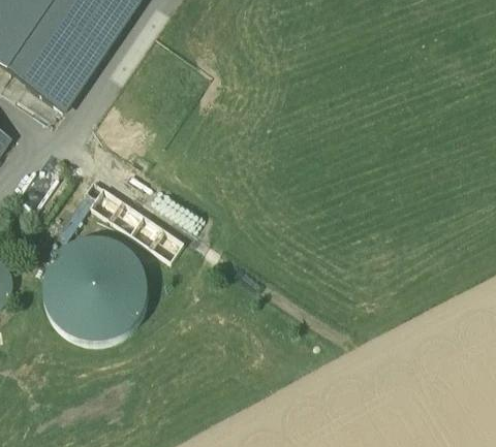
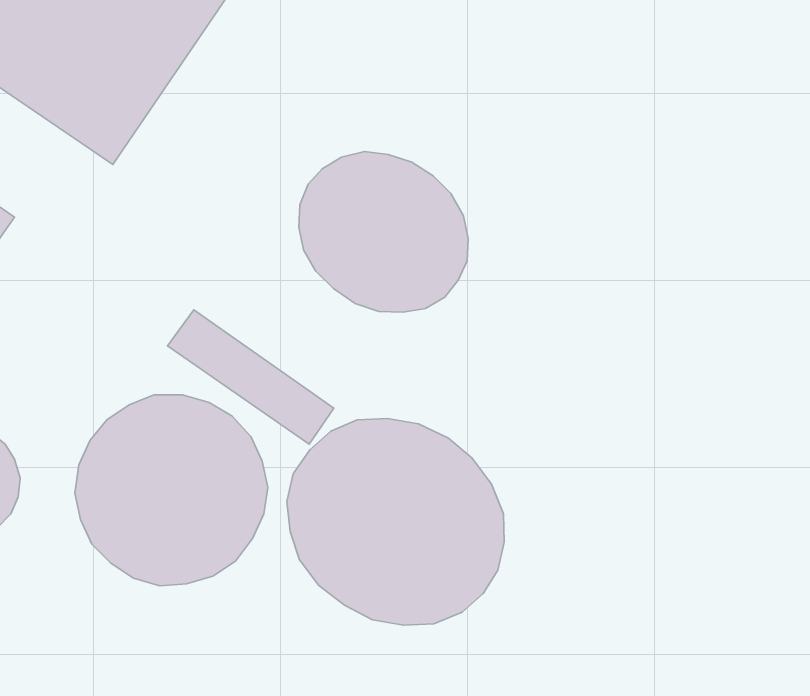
building: none -> [299,152,468,312]
building: none -> [287,419,504,625]

